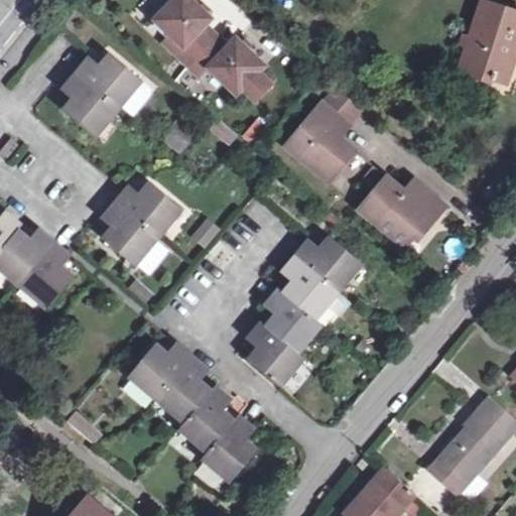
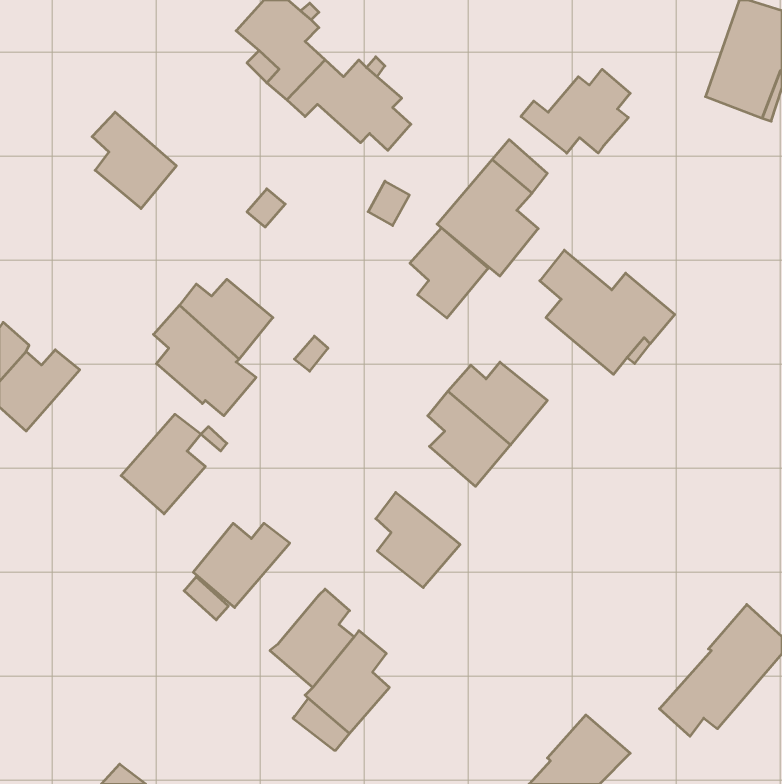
building: none -> [521,69,630,153]
building: [76,53,150,115] -> none
building: none -> [410,228,488,318]
building: [17,243,73,308] -> [121,414,205,514]
building: [262,289,319,353] -> none
building: [154,357,210,423] -> none

